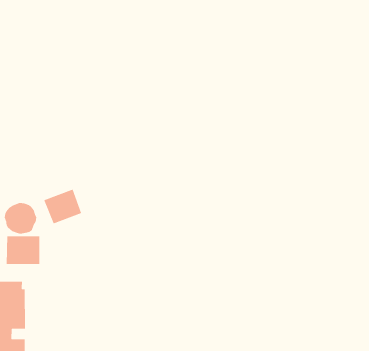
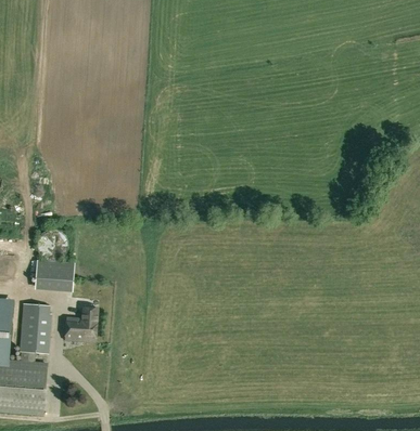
building: [43,188,82,225] -> none
building: none -> [64,305,97,341]

